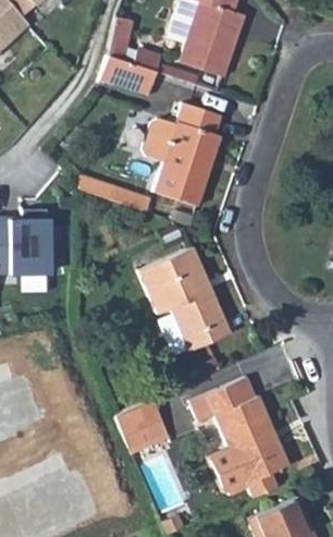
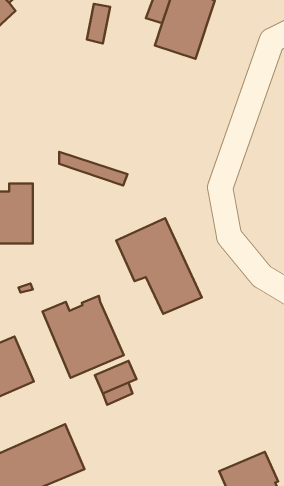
building: [101,57,156,96] -> none
building: [143,103,220,207] -> none
building: none -> [43,296,124,378]
building: [206,377,288,497] -> none

